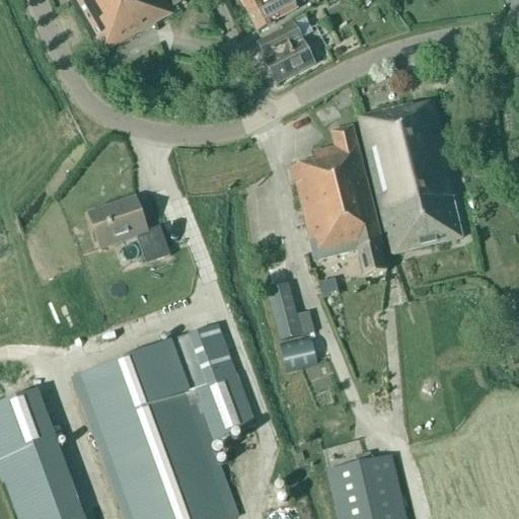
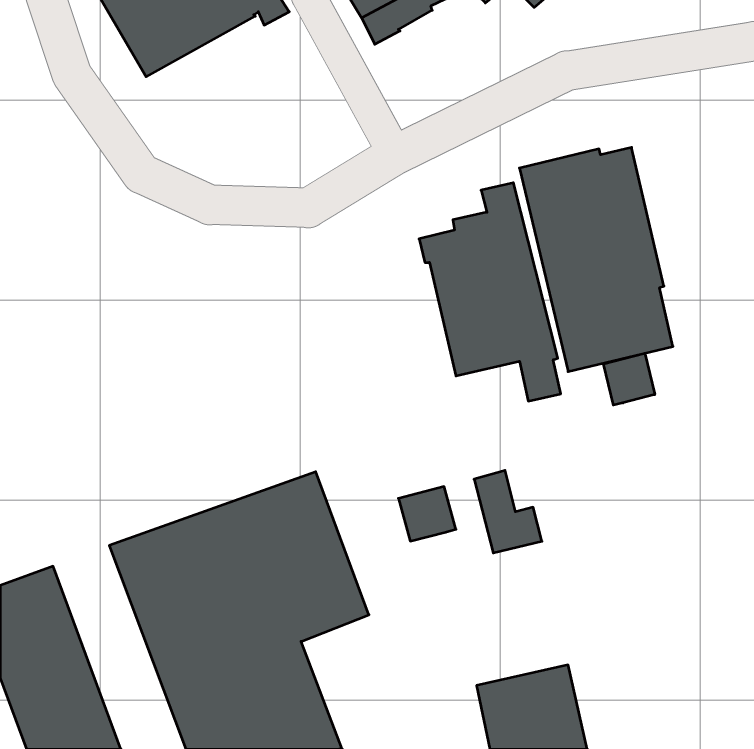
building: [257,18,318,82] -> none
building: [89,198,170,263] -> none
building: none -> [604,353,655,405]
building: [267,283,313,340] -> [474,470,542,553]

